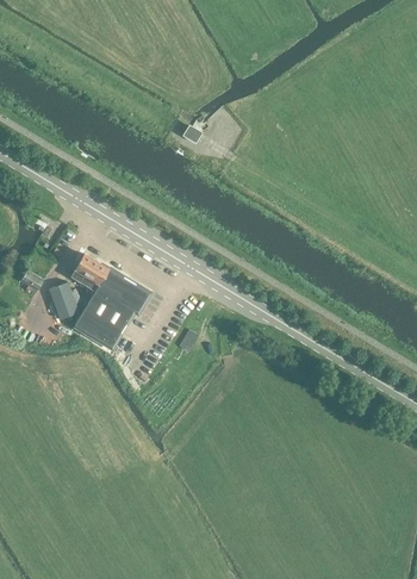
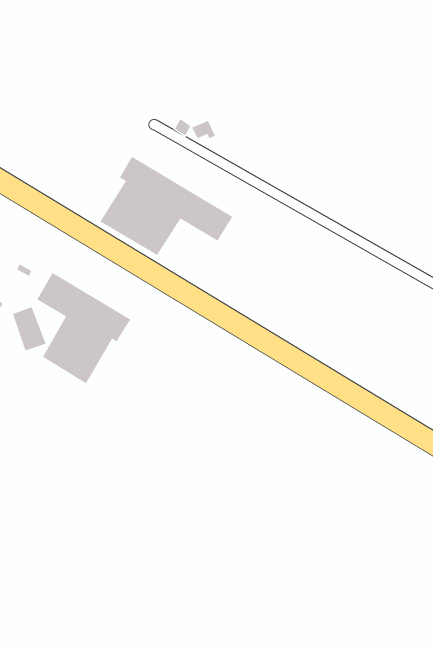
building: none -> [99,156,233,256]

